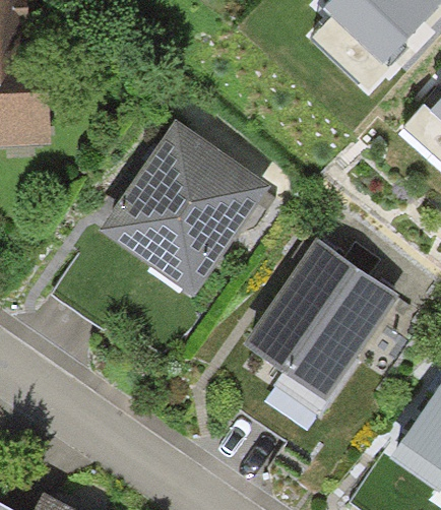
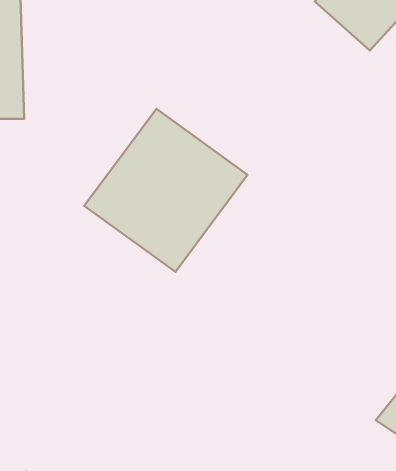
building: [245,242,395,400] -> none

